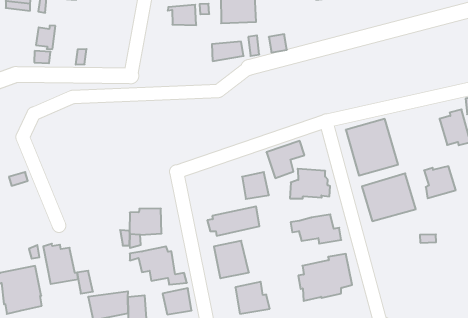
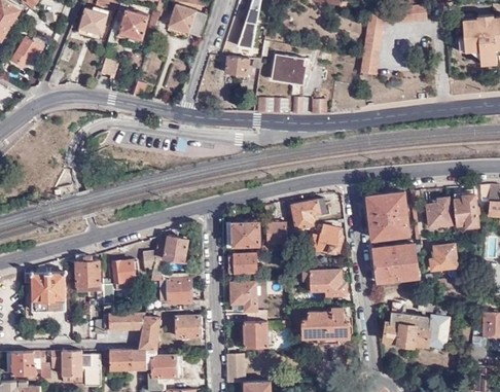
building: none -> [426,194,452,227]
building: none -> [227,216,260,247]
building: none -> [112,258,140,287]
building: none -> [385,304,453,353]

